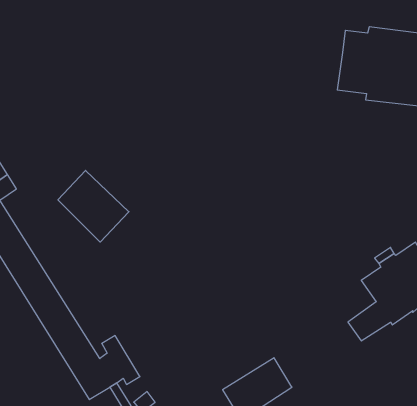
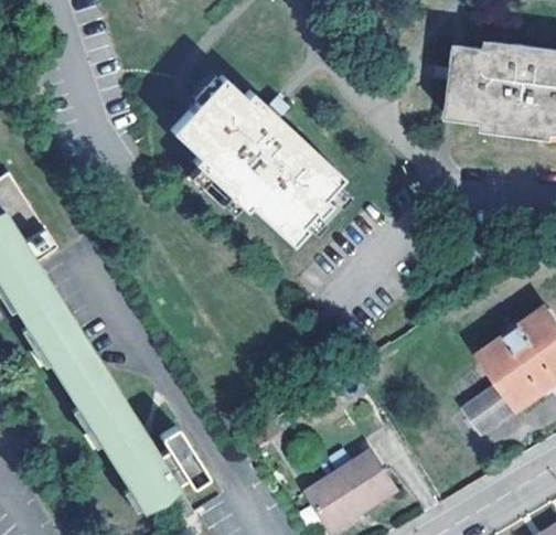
building: none -> [168,74,338,242]
building: [58,170,129,242] -> none

